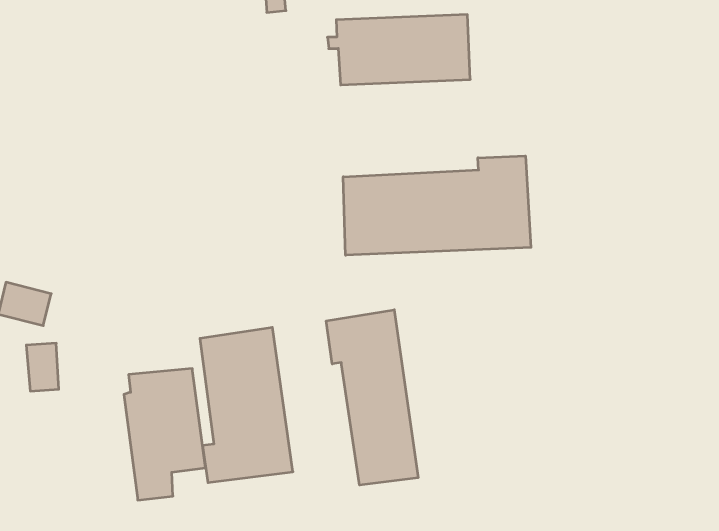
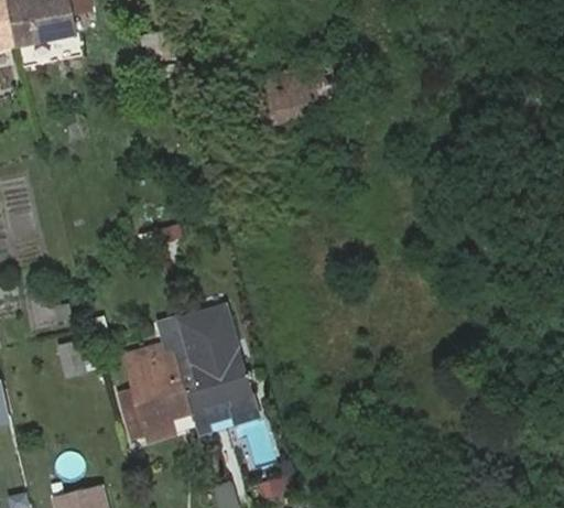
building: [343,156,531,255] -> none
building: [326,310,418,485] -> none

